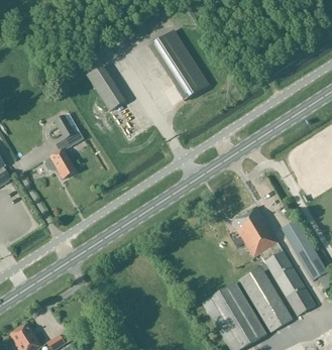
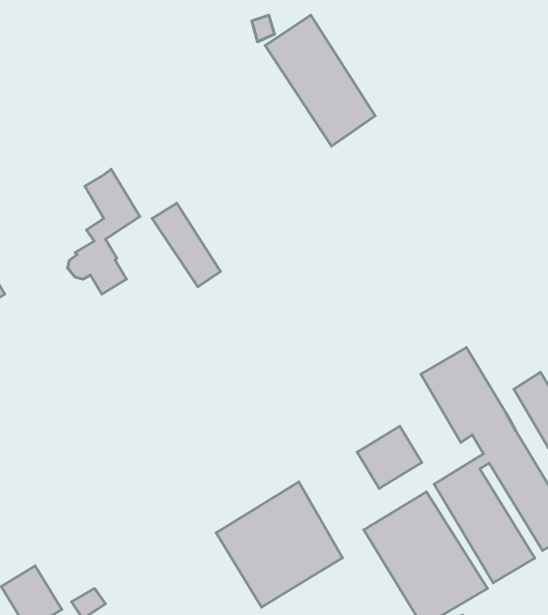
building: [89,66,125,110] -> [152,203,221,287]
building: none -> [357,426,422,488]
building: none -> [216,482,343,607]

